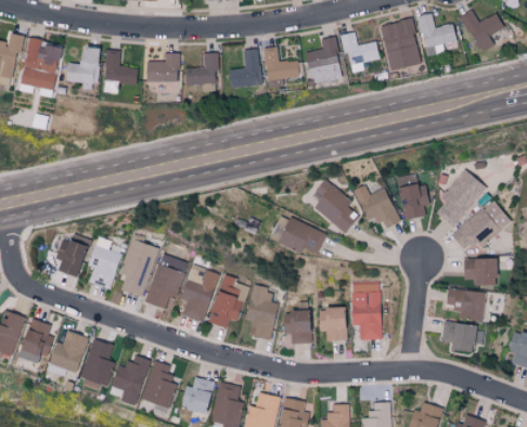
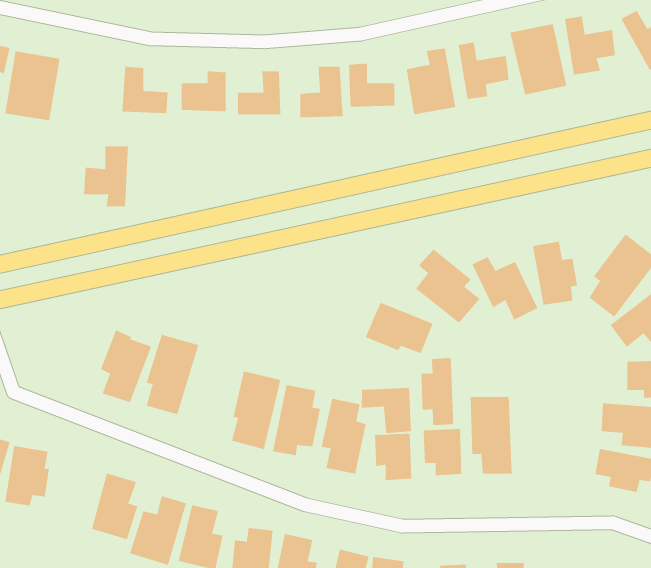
building: [65,47,98,90] -> [83,146,129,207]
building: [54,233,89,276] -> none
building: [146,254,188,308] -> none
building: none -> [421,357,454,426]
building: none -> [361,387,412,434]
building: [49,331,88,372] -> none

